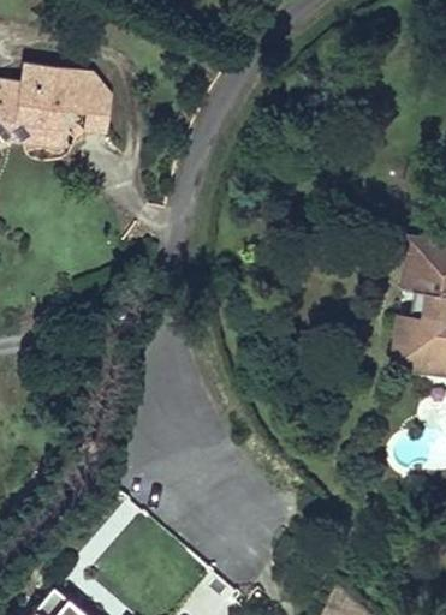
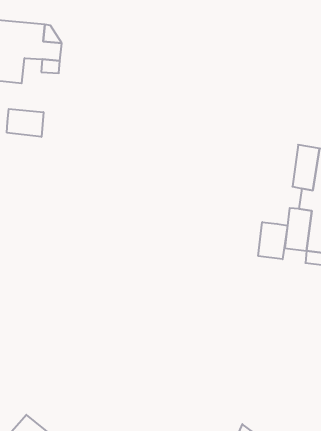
building: none -> [7,109,43,137]
building: none -> [258,222,288,259]

